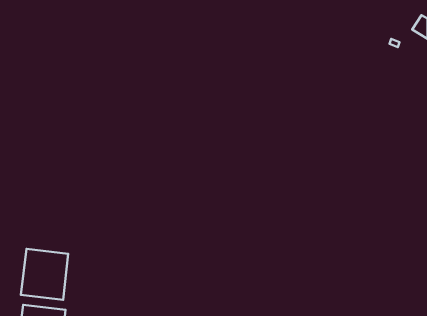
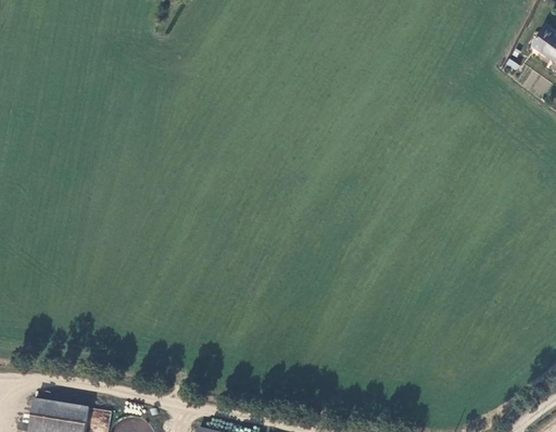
building: [21,249,68,300] -> none

